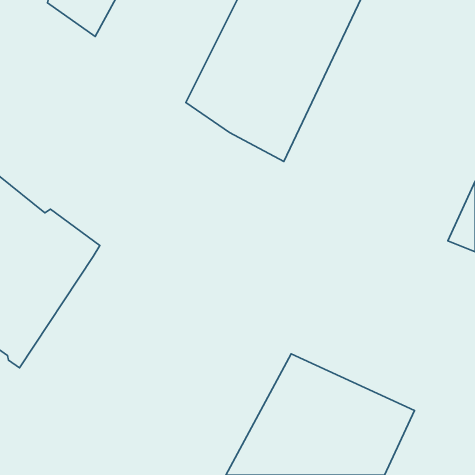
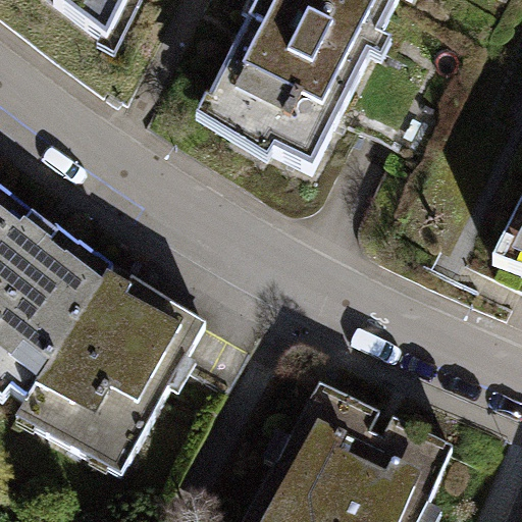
building: none -> [21,280,207,464]

